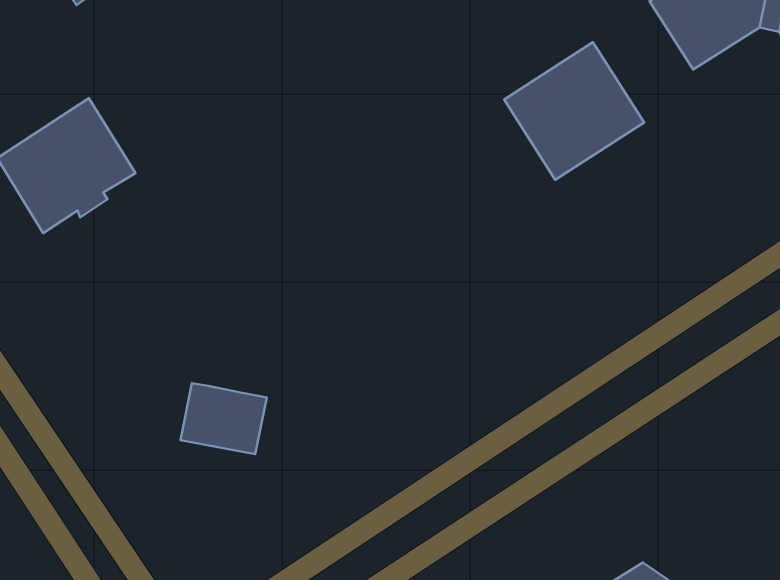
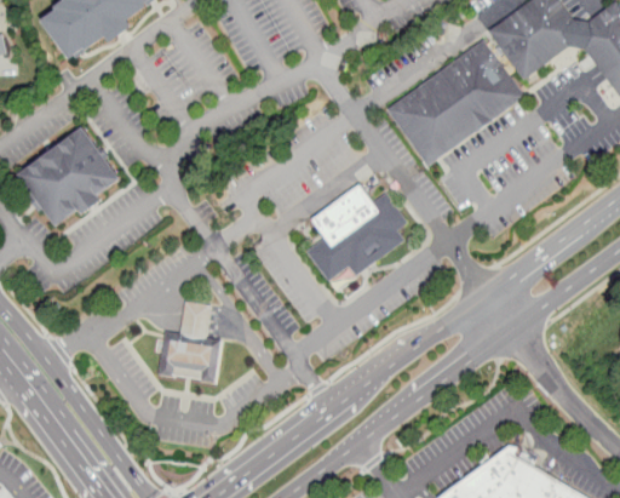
building: none -> [448,39,526,121]
building: none -> [308,185,408,281]
building: none -> [179,303,211,338]

